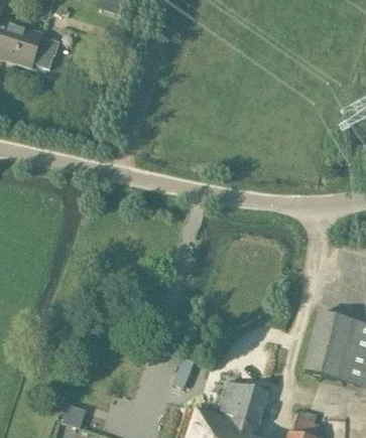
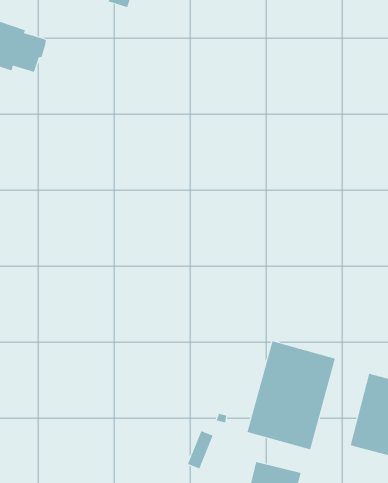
building: none -> [247,340,336,450]

